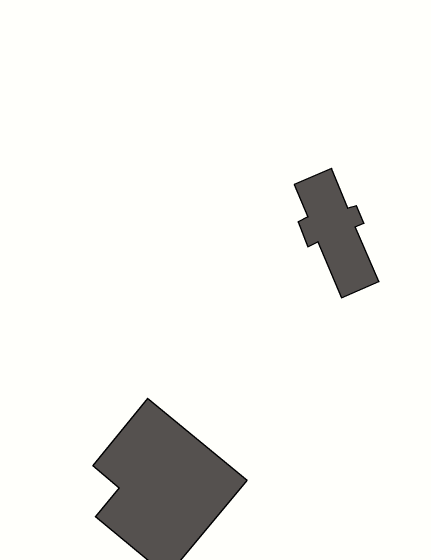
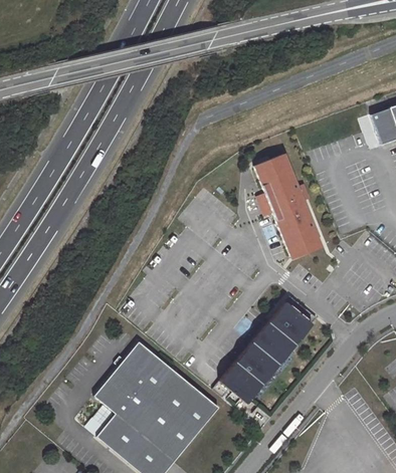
building: none -> [219,300,313,403]

